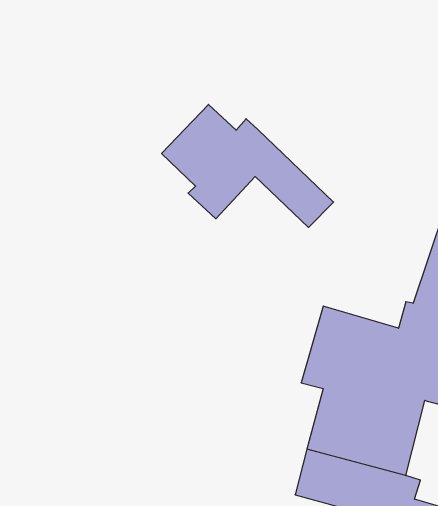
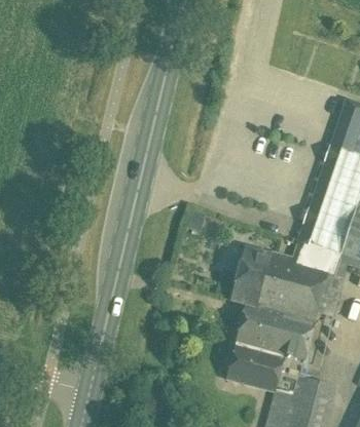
building: [162,104,334,227] -> none

